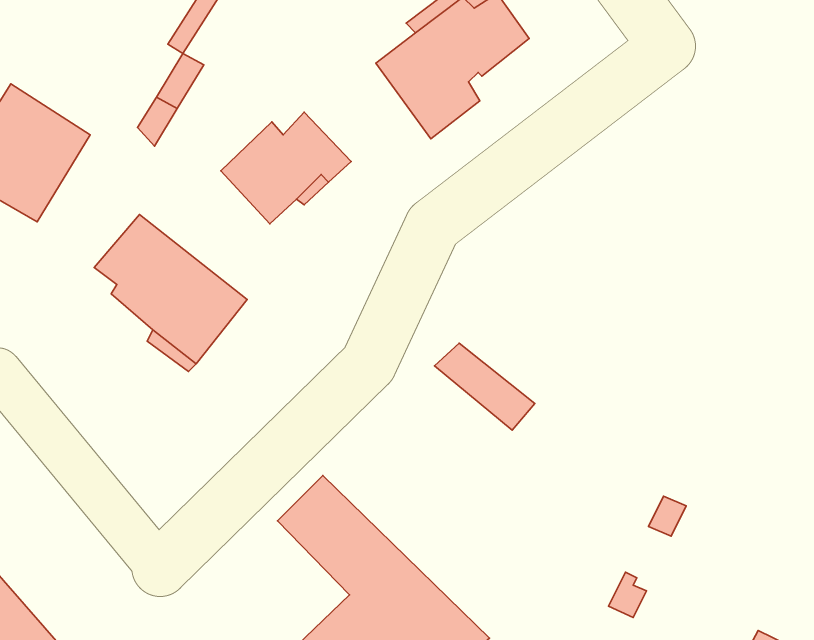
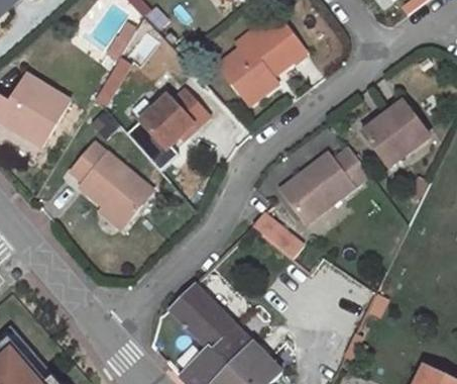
building: none -> [364,102,429,165]
building: none -> [278,146,371,226]

